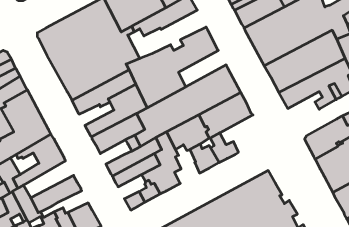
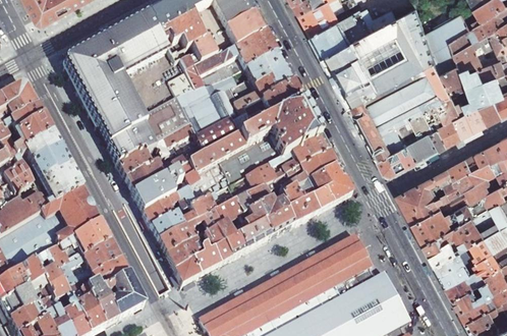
building: none -> [178,32,277,93]
building: none -> [242,82,302,128]
building: none -> [380,134,424,170]
building: none -> [117,148,161,177]
building: none -> [294,164,349,211]
building: none -> [144,195,178,226]
building: none -> [237,202,269,250]
building: none -> [47,222,110,269]
building: none -> [166,239,202,270]
building: none -> [68,260,128,293]

